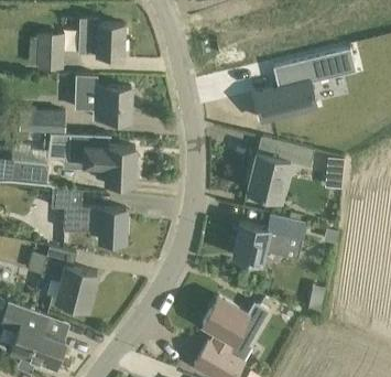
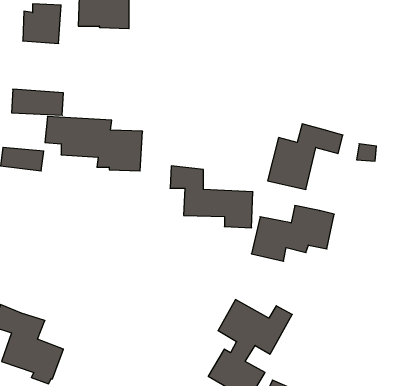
building: [254,56,352,127] -> none
building: [75,75,131,121] -> none
building: [52,187,126,243] -> [170,166,253,228]
building: [41,247,97,308] -> none

